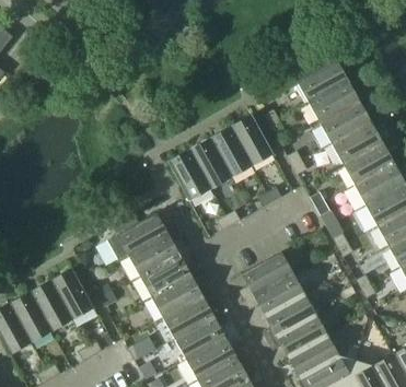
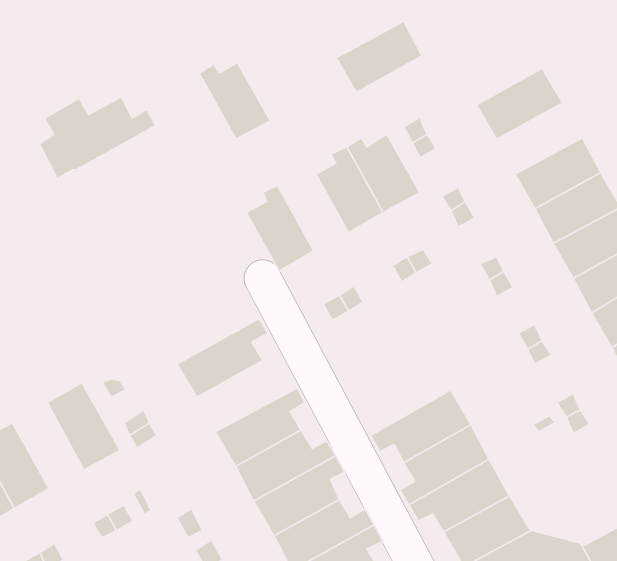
building: [295,59,347,102] -> [336,21,422,92]
building: [320,101,371,143] -> none
building: [188,143,231,189] -> [199,62,270,139]
building: [107,212,177,261] -> [39,96,156,178]
building: [239,251,292,300] -> none
building: [140,255,200,297] -> none
building: [30,280,72,331] -> none

